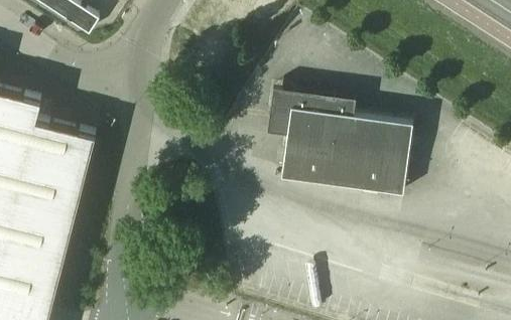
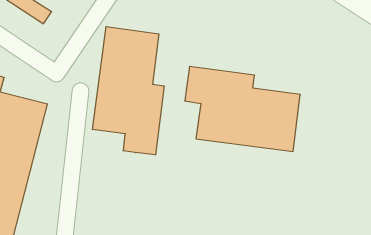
building: none -> [93,27,164,155]

